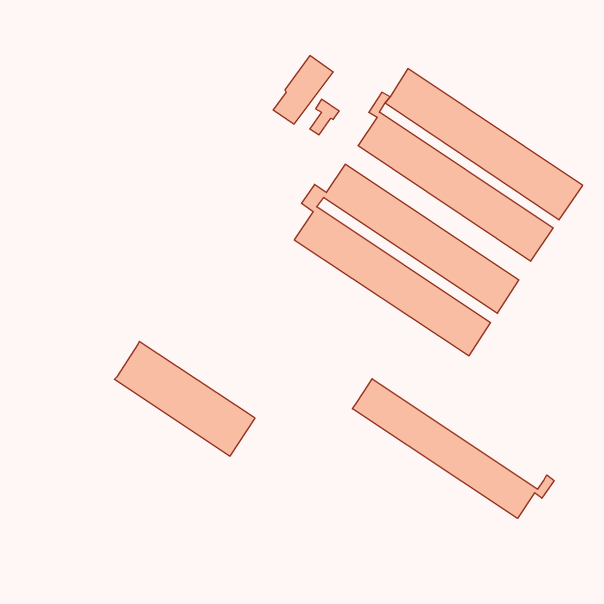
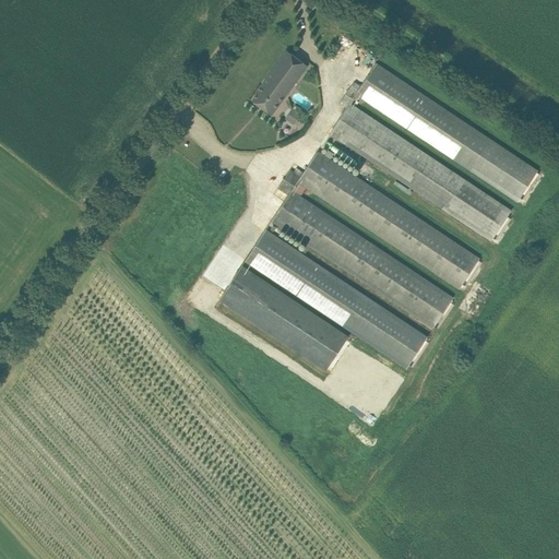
building: none -> [246,229,428,368]
building: [114,341,255,456] -> [219,265,349,371]
building: [352,379,554,518] -> none

